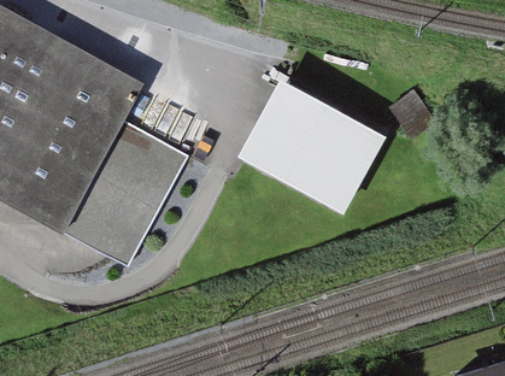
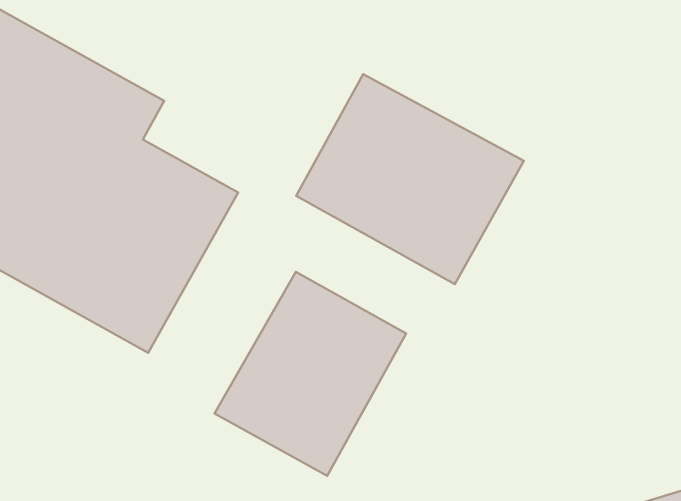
building: none -> [215,272,406,476]

